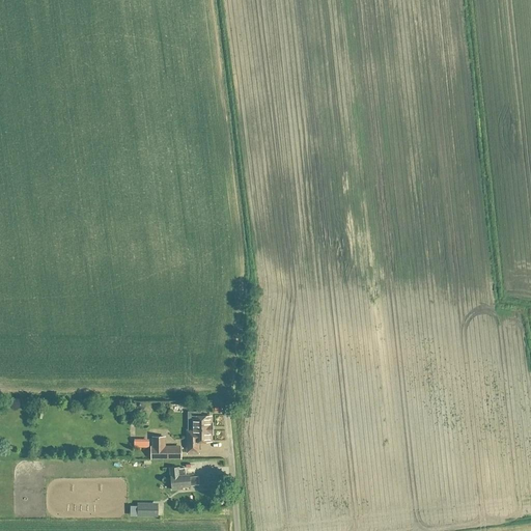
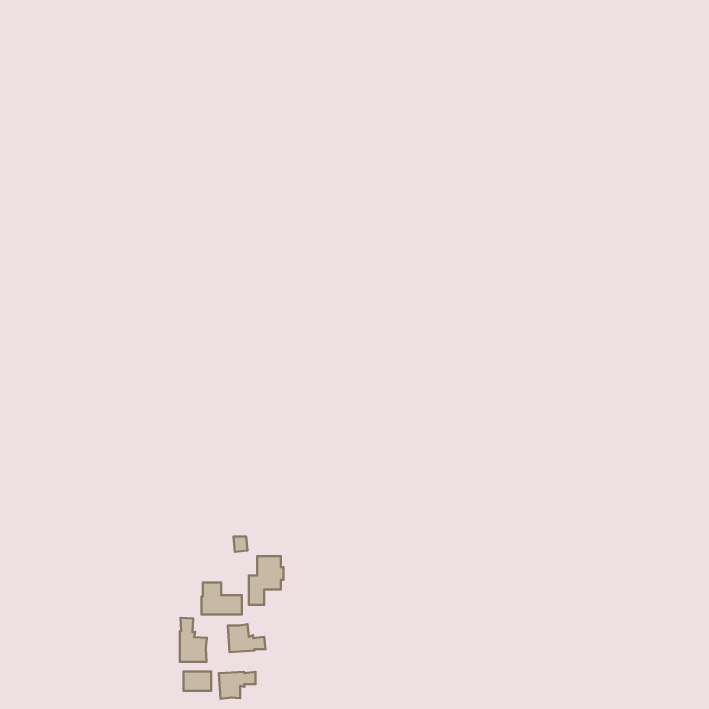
building: none -> [180,618,207,662]
building: none -> [219,672,255,699]

